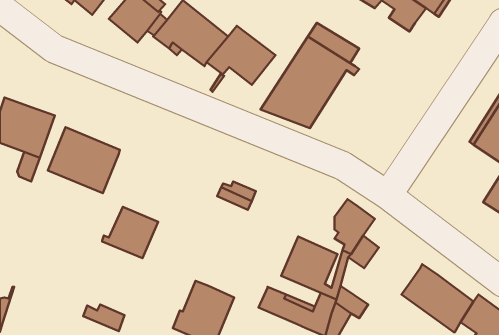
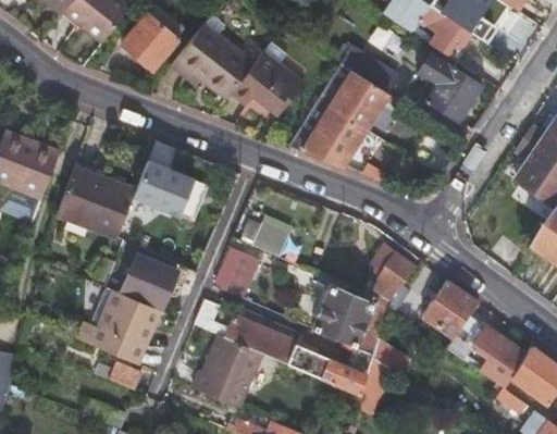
building: none -> [416,50,482,123]
building: none -> [133,138,207,219]
building: none -> [213,243,259,297]
building: none -> [421,278,478,338]
building: none -> [76,290,160,362]
building: none -> [193,298,297,363]

